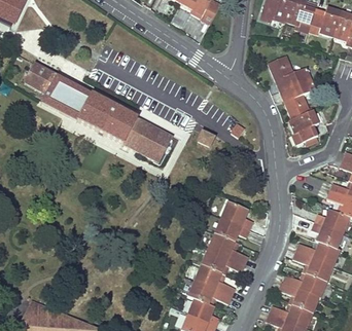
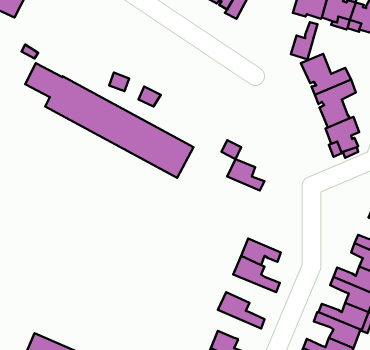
building: none -> [291,22,318,60]
building: [220,200,253,228] -> [227,159,265,191]
building: [201,248,245,272] -> none
building: [187,279,232,303] -> none

